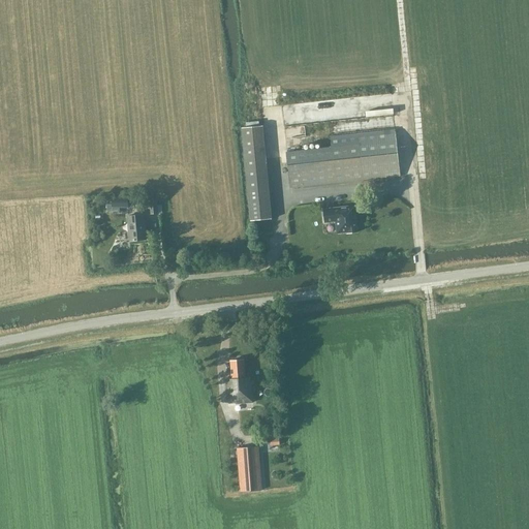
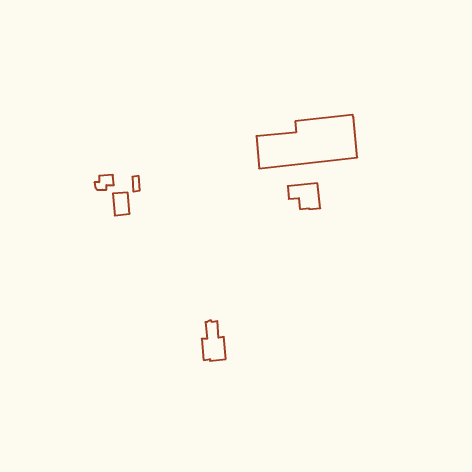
building: [241,121,271,220] -> none
building: [236,445,260,491] -> none

